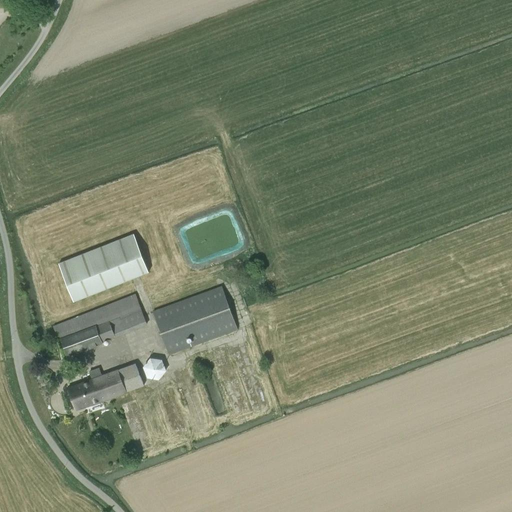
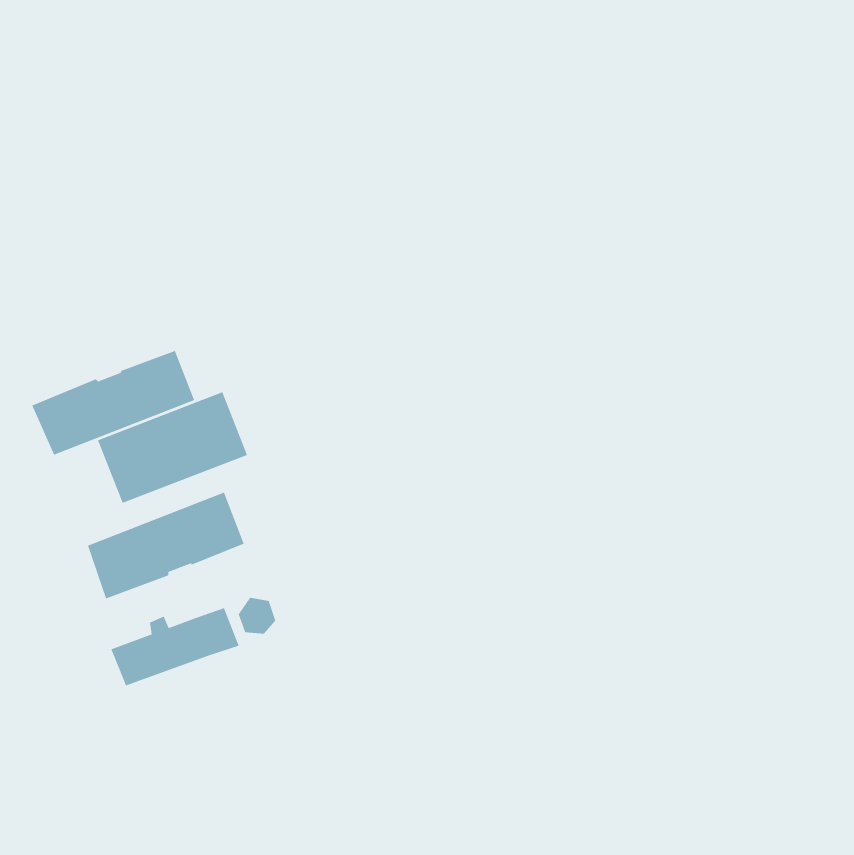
building: none -> [31,350,195,456]
building: [151,286,237,355] -> none

